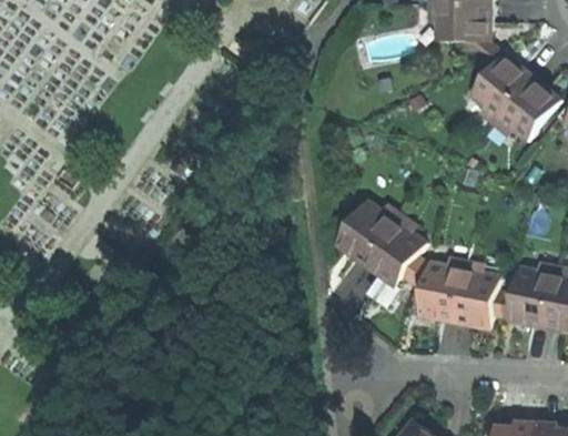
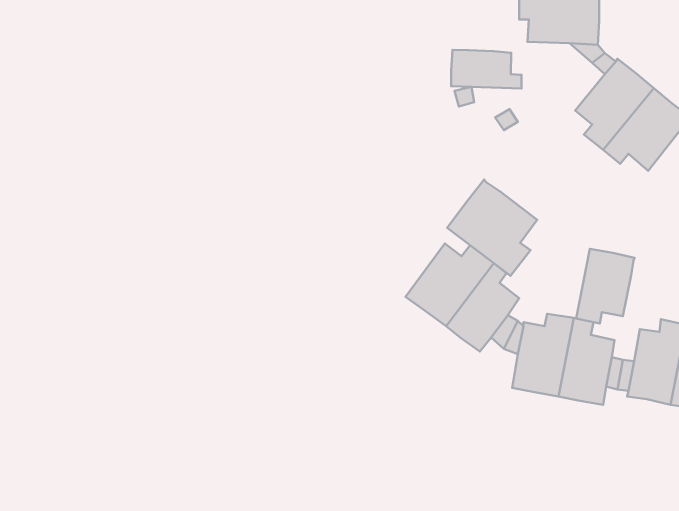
building: none -> [451,50,522,88]
building: none -> [447,179,537,276]
building: none -> [576,249,635,323]

